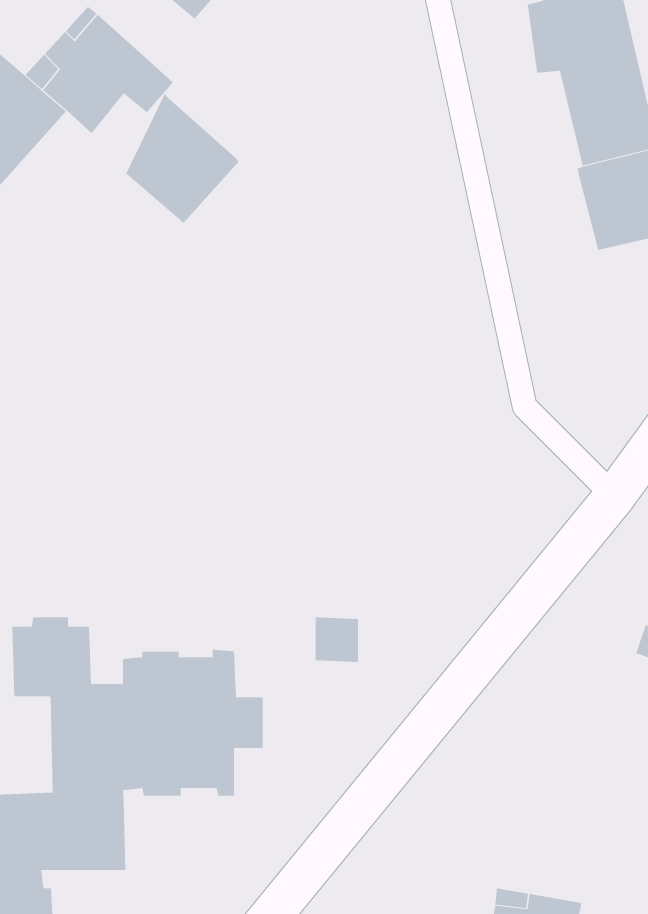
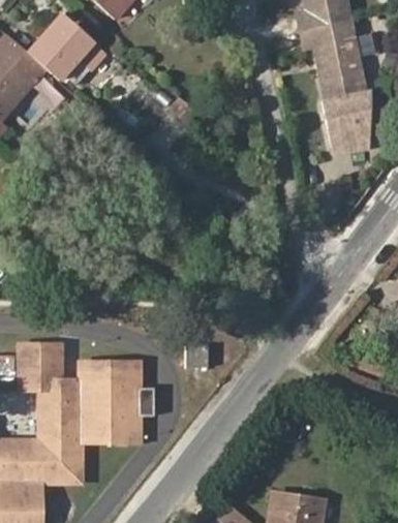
building: [125,93,240,224] -> none

